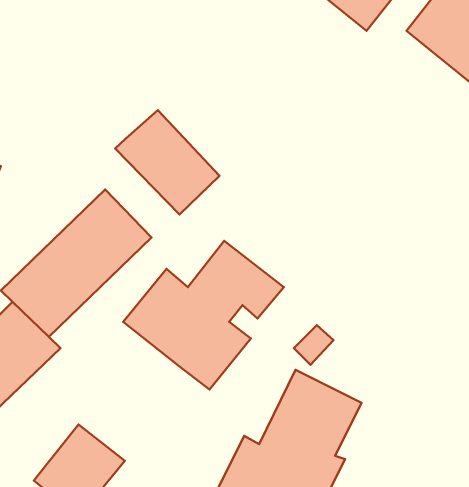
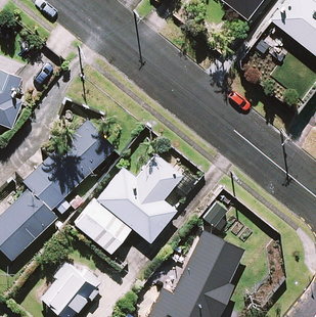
building: [115,110,219,214] -> none
building: none -> [77,200,132,254]

